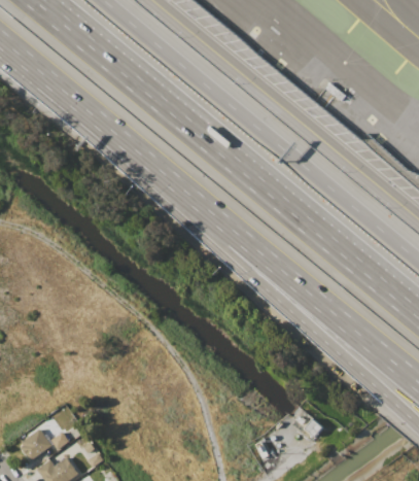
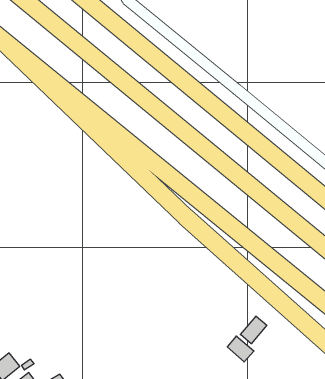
building: none -> [240,316,267,344]

